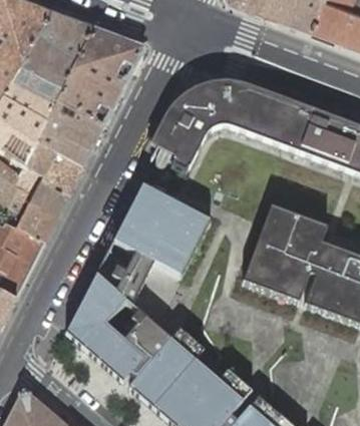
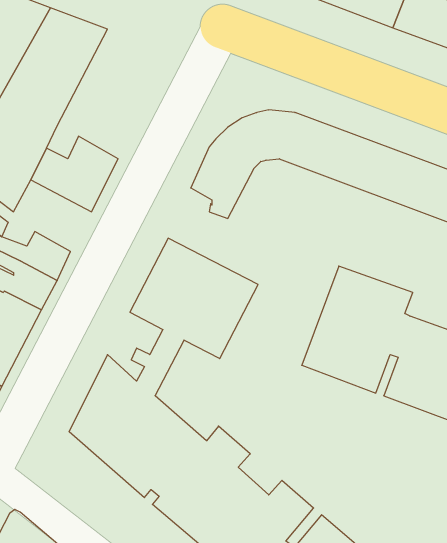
building: [57,26,145,124] -> none
building: [24,140,83,194] -> none

